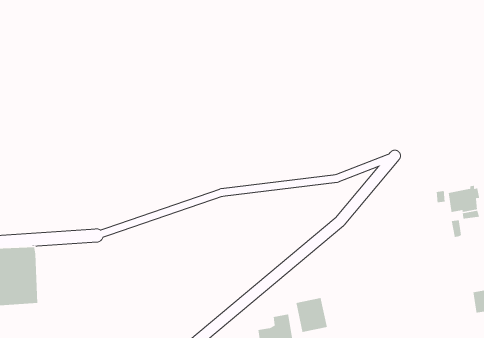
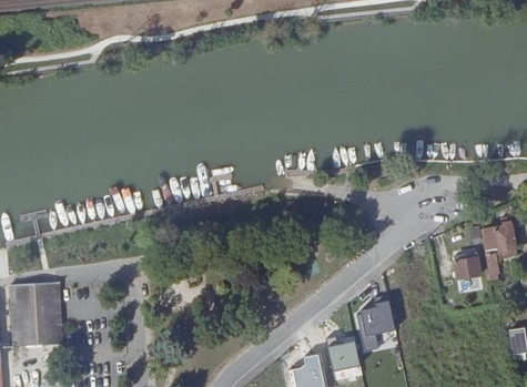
building: none -> [454,252,479,281]
building: none -> [356,298,396,352]

